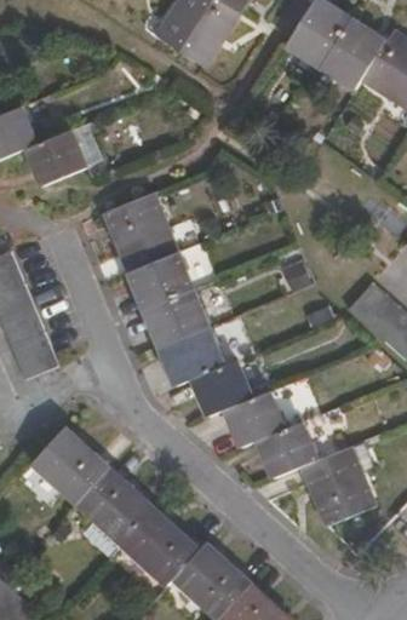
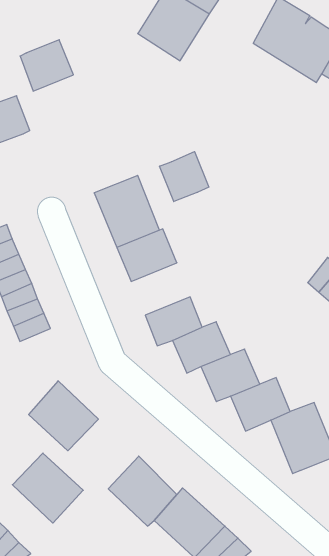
building: [28,131,87,188] -> [20,40,73,91]
building: none -> [160,152,209,202]
building: [148,292,213,350] -> none
building: [78,465,156,542] -> [12,453,83,523]

